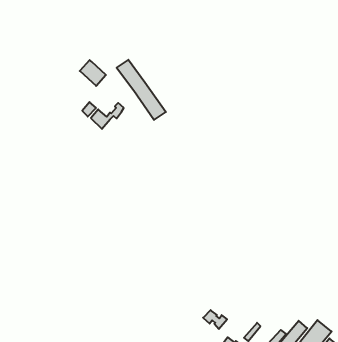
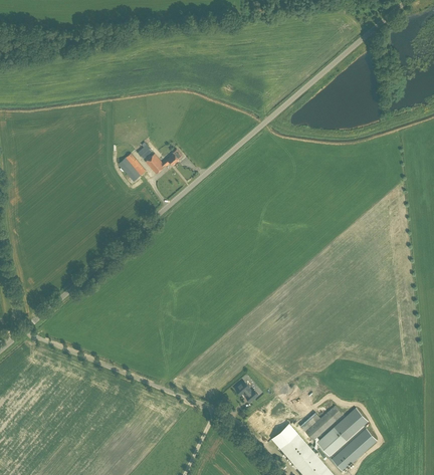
building: [117,60,166,120] -> none
building: [80,60,106,86] -> [118,154,145,182]

